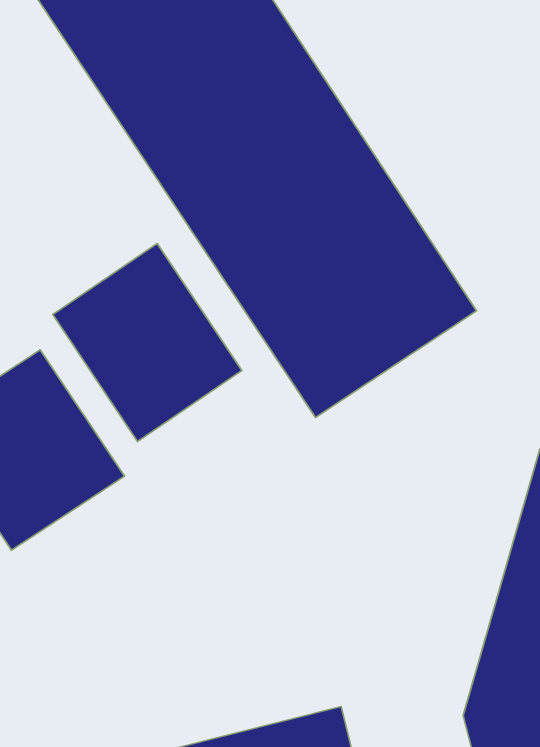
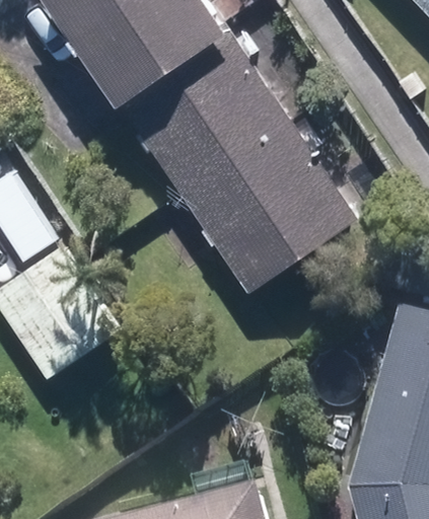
building: [53,243,242,441] -> none

